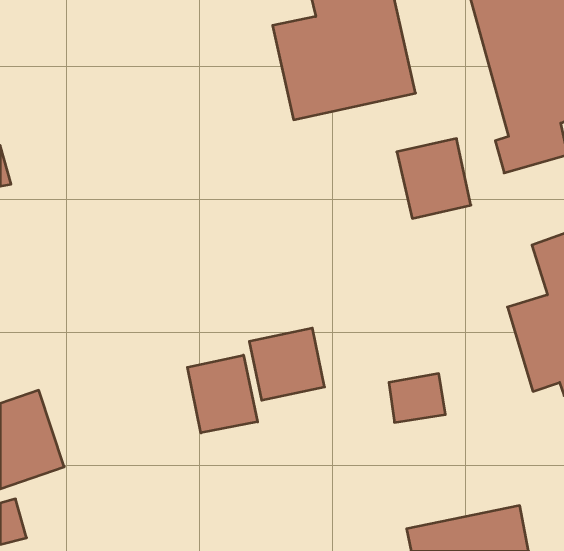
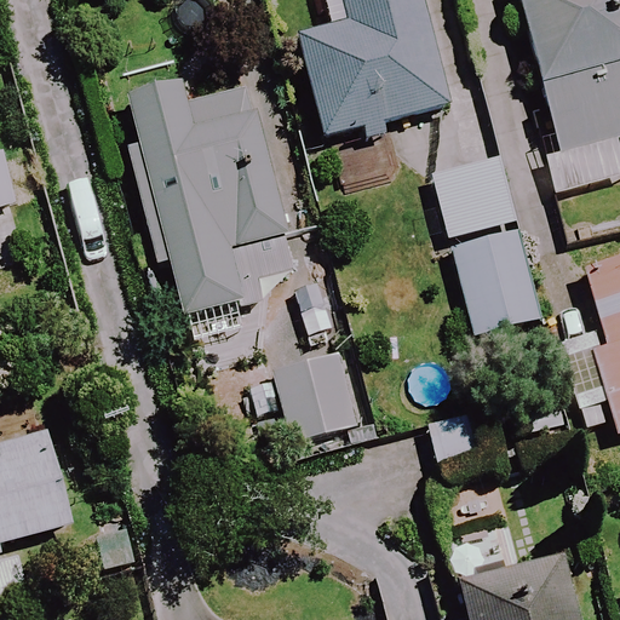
building: none -> [138,110,298,315]
building: none -> [453,224,539,337]
building: [187,355,258,433] -> none

